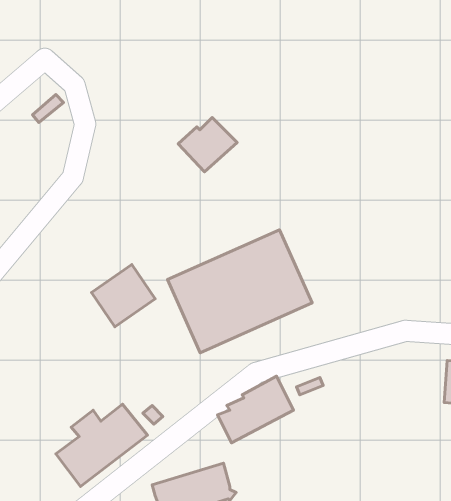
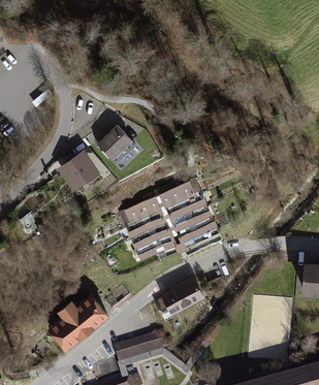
building: [178,118,237,172] -> [94,124,133,160]
building: [92,265,155,327] -> [57,149,99,190]

